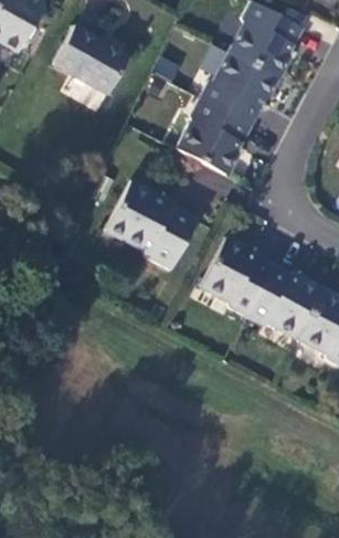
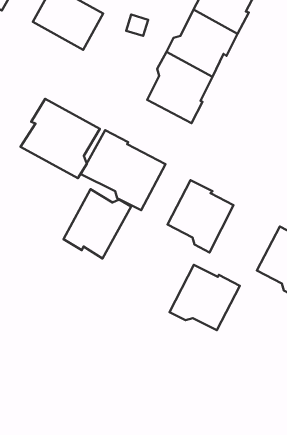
building: none -> [21,99,100,178]
building: none -> [63,189,131,259]
building: [247,266,325,338] -> [170,265,240,330]

